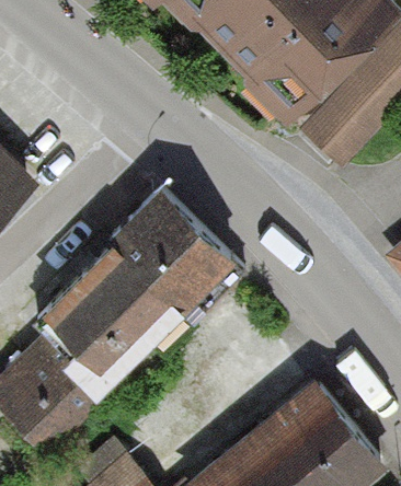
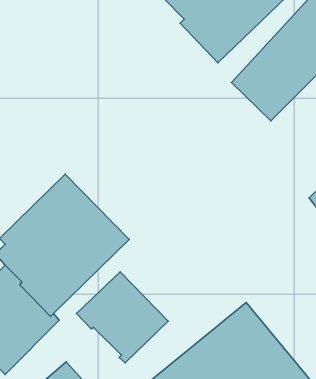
building: [114,181,238,304] -> none
building: none -> [76,272,168,363]

